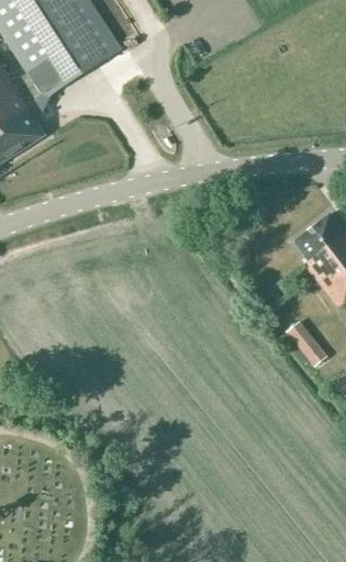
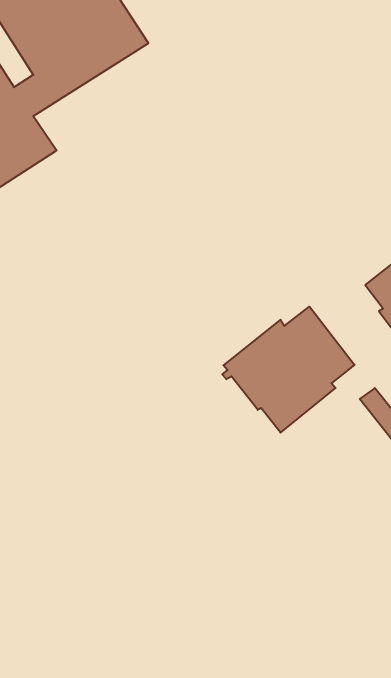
building: none -> [222,307,355,433]

